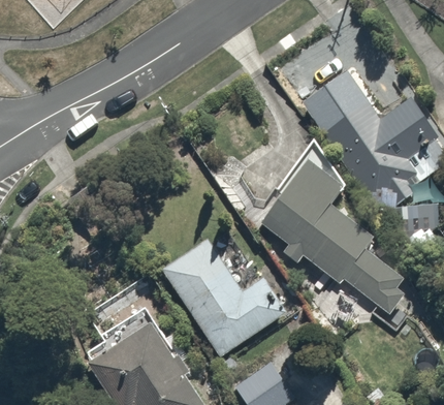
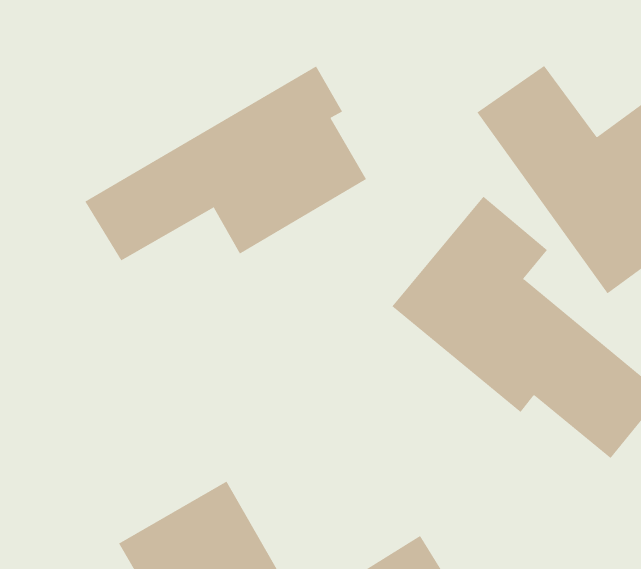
building: none -> [85,65,367,261]
building: [165,226,289,357] -> none

